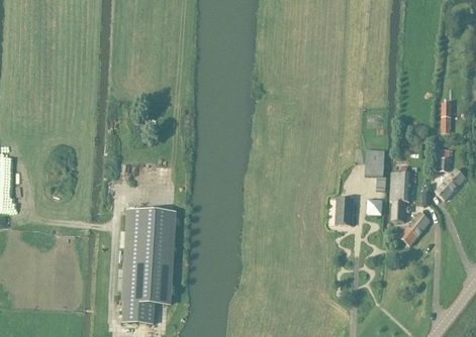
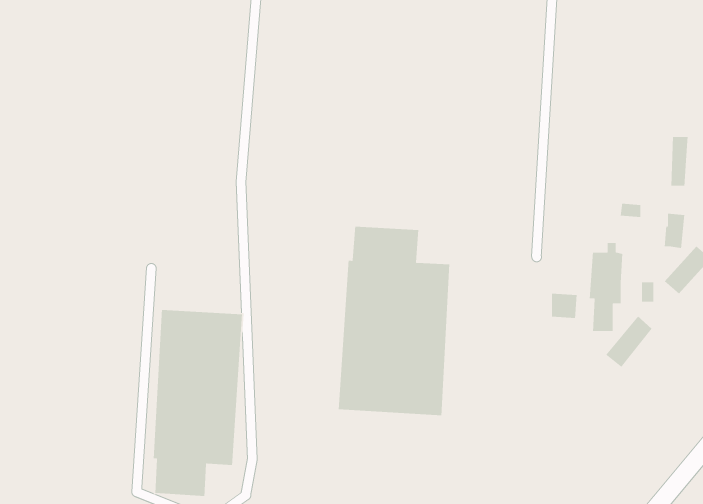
building: [365,148,386,191] -> none
building: none -> [338,226,450,416]
building: [337,198,355,225] -> none

